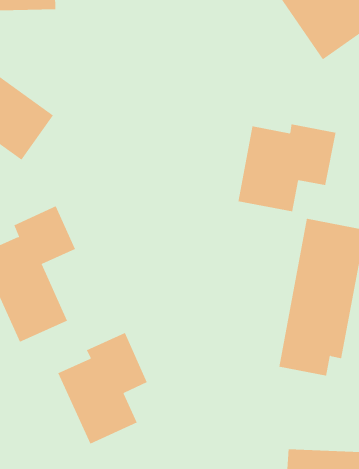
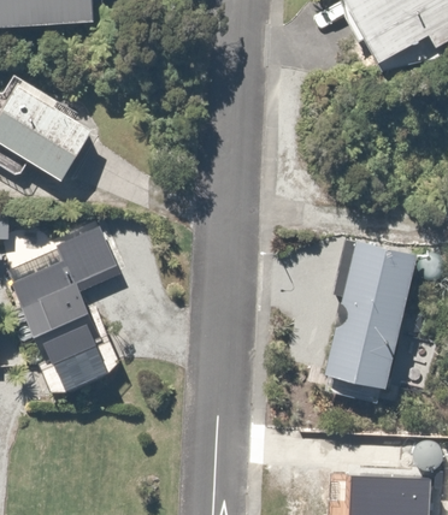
building: [238,124,336,212] -> none
building: [57,332,147,445] -> none

